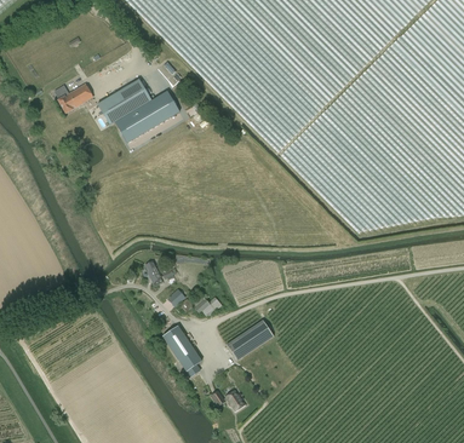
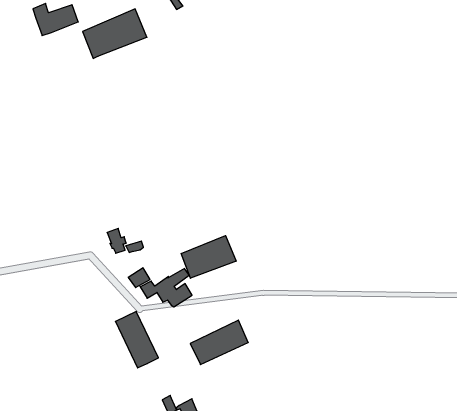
building: [114,91,179,143] -> none
building: none -> [181,236,236,278]

